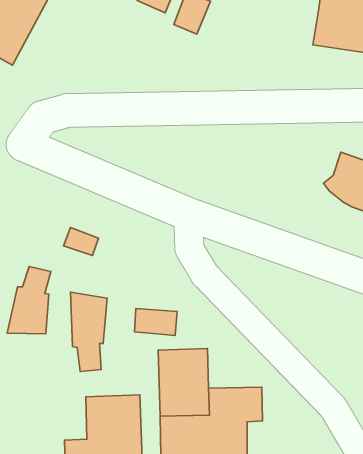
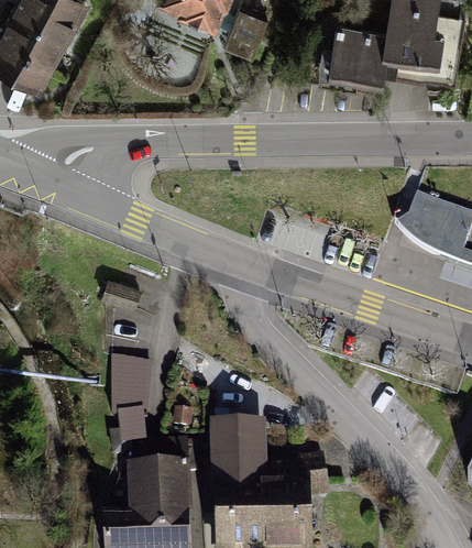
building: none -> [328,26,391,84]
building: [7,267,51,334] -> none
building: [134,308,177,336] -> none

